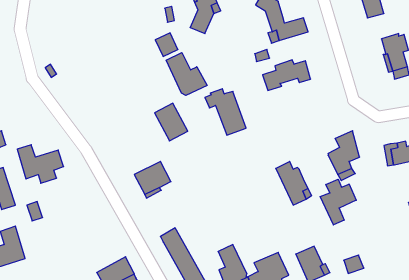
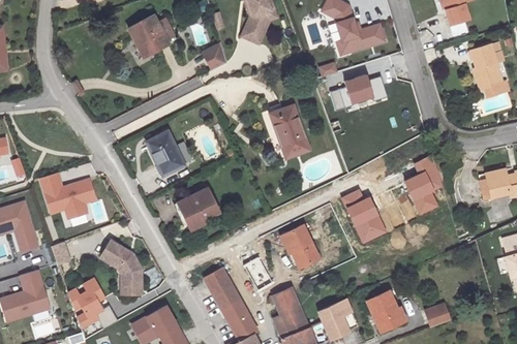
building: none -> [127,10,166,52]
building: [166,53,207,95] -> none
building: [155,103,188,141] -> [146,137,185,182]
building: [320,179,356,225] -> none
building: none -> [282,228,322,271]
building: none -> [101,241,142,286]
building: none -> [67,279,104,329]

